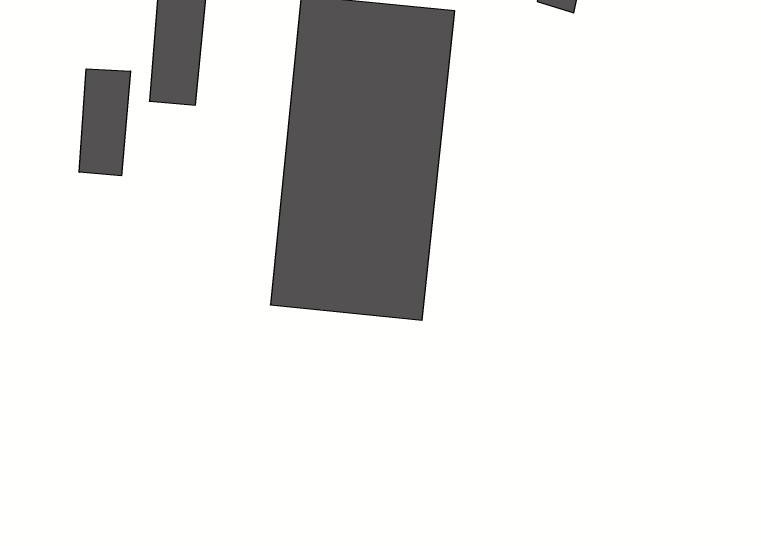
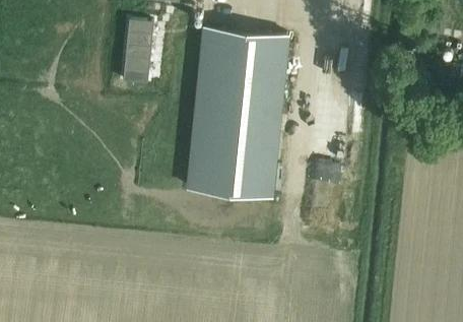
building: [79,69,131,176] -> none

